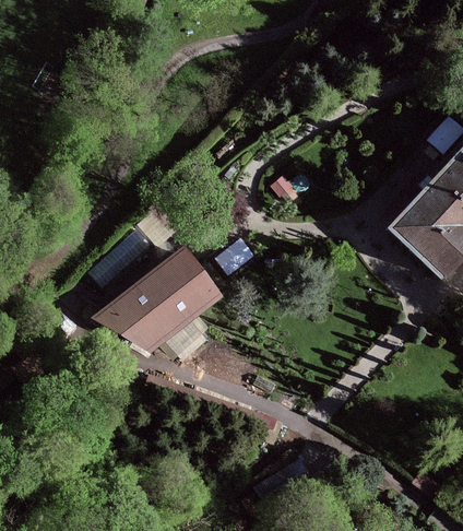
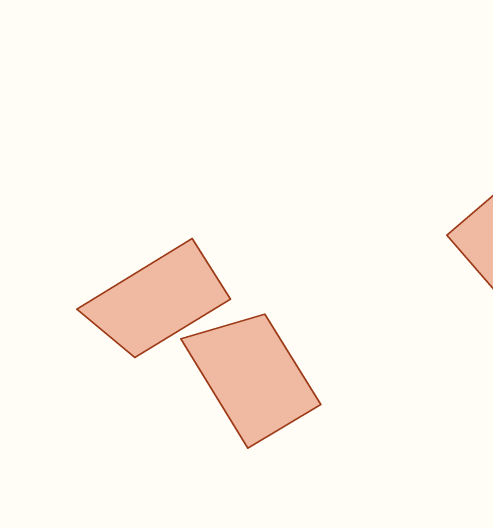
building: none -> [181,314,321,448]

